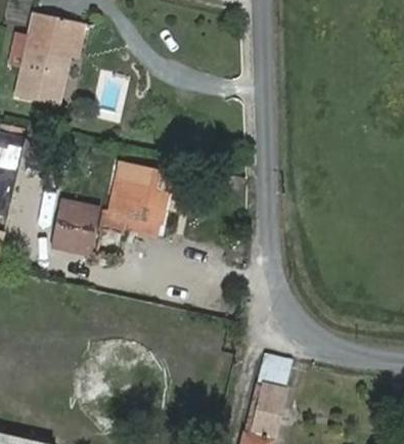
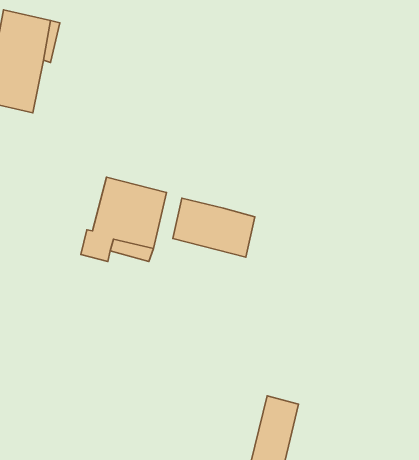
building: none -> [173,198,255,257]
building: [47,196,96,255] -> none

